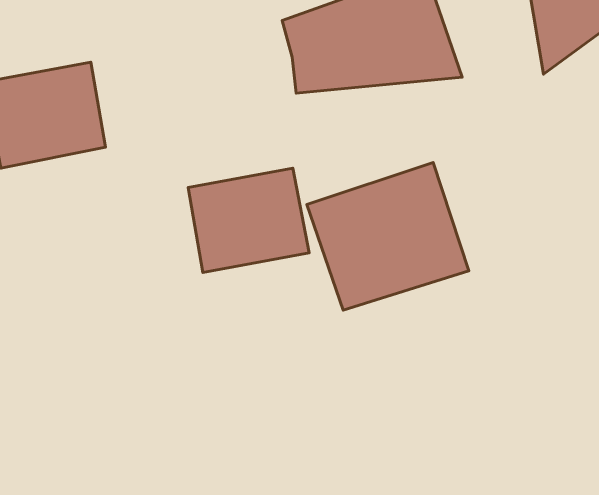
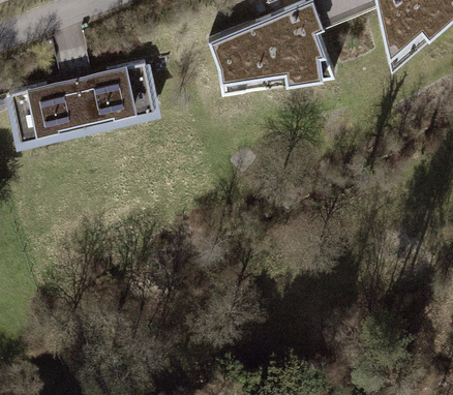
building: [307,162,469,310] -> none
building: [188,168,309,272] -> [79,61,164,136]

